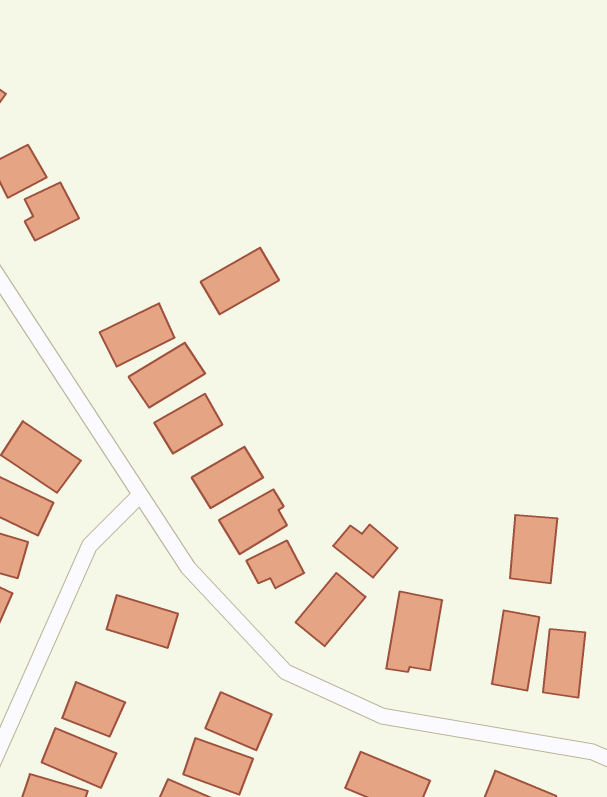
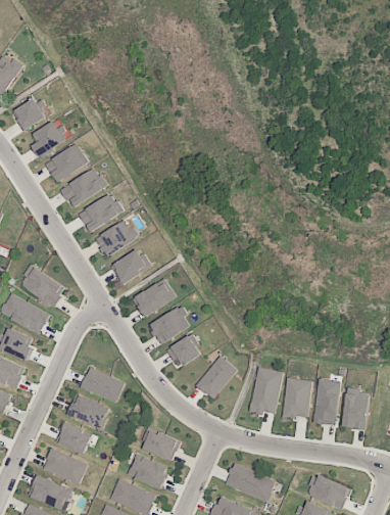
building: none -> [45,143,89,183]
building: [201,248,279,314] -> [60,168,107,207]
building: [510,515,558,583] -> [283,378,311,419]
building: [333,525,398,578] -> none
building: none -> [67,394,110,429]

